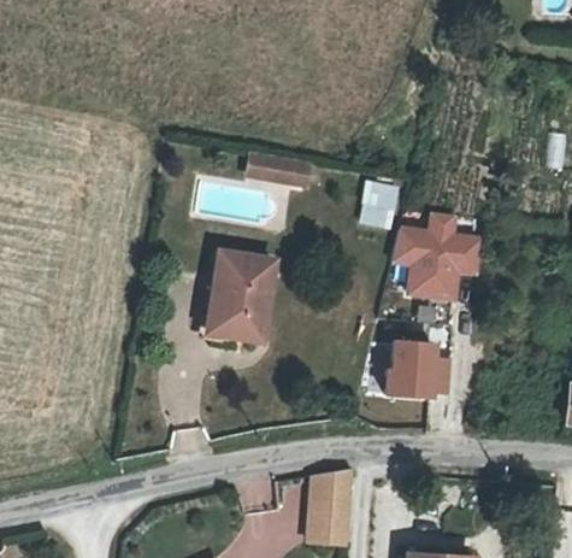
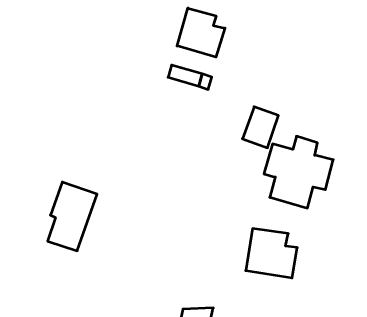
building: none -> [177,8,225,57]
building: [212,246,270,334] -> [48,182,97,251]

